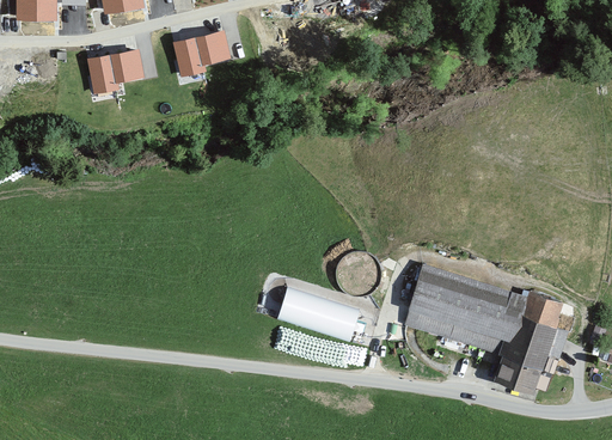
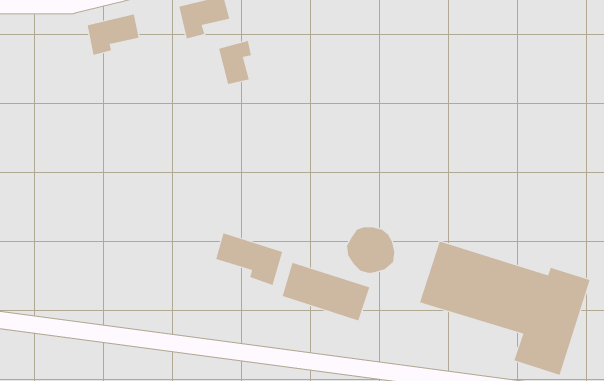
building: none -> [219,40,252,85]
building: none -> [215,232,283,286]

